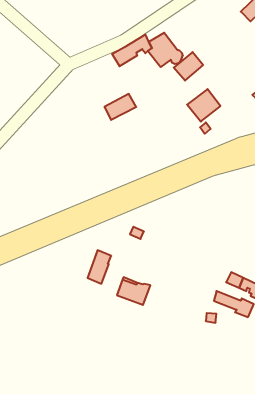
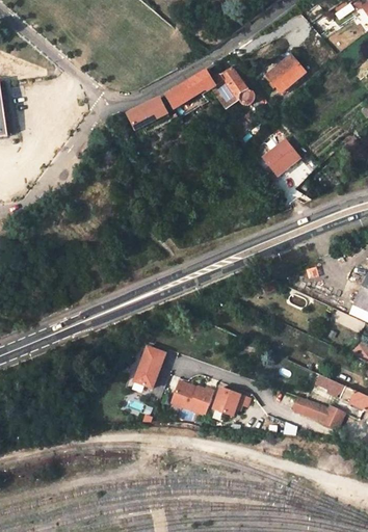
building: [174,52,203,81] -> [269,55,307,91]
building: [104,94,136,120] -> [127,96,167,129]
building: none -> [212,384,248,413]

